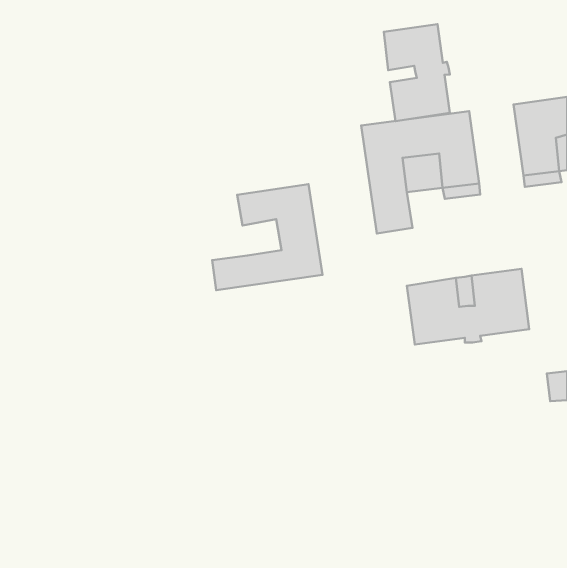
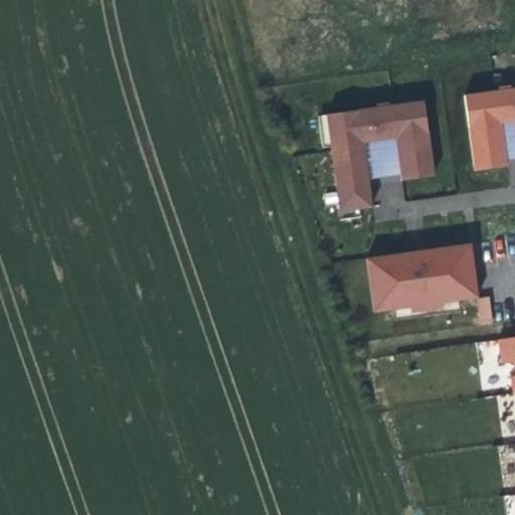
building: [384,24,450,121] -> none
building: [212,184,323,290] -> none

